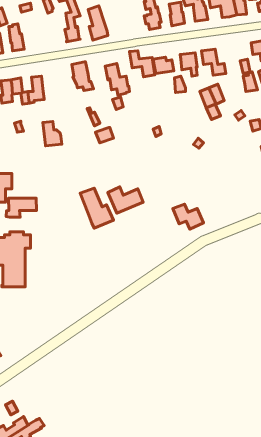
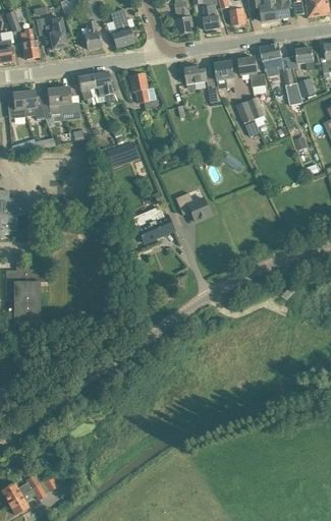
building: none -> [35,17,66,50]
building: none -> [260,43,282,76]
building: [130,51,155,77] -> none
building: none -> [76,74,98,104]
building: [43,122,62,146] -> [57,86,78,114]
building: [80,188,113,228] -> none
building: [6,198,36,217] -> none
building: [173,204,203,229] -> [174,192,209,221]

